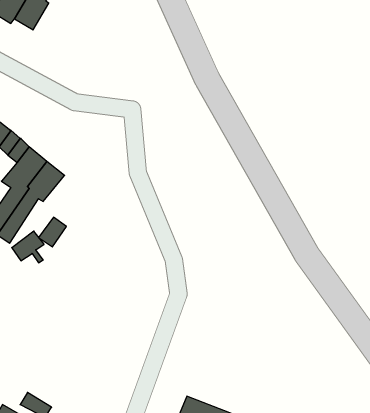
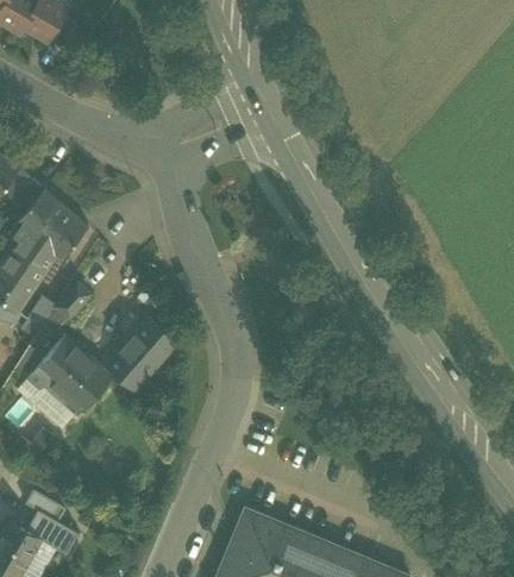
building: none -> [106,320,175,391]
building: none -> [27,338,111,410]

